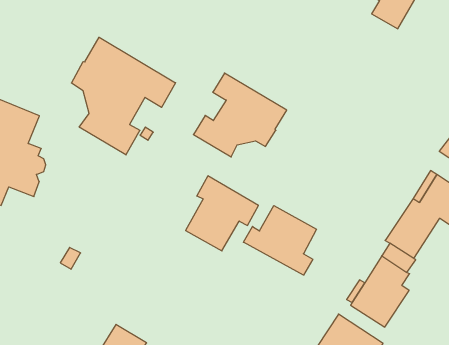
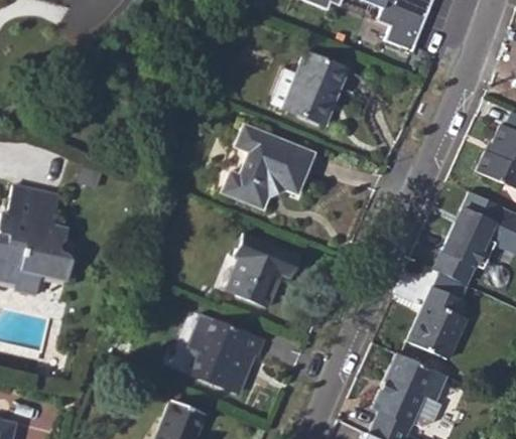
building: none -> [272,51,350,124]
building: [71,37,176,155] -> none
building: [243,206,316,275] -> none
building: none -> [186,313,264,394]

